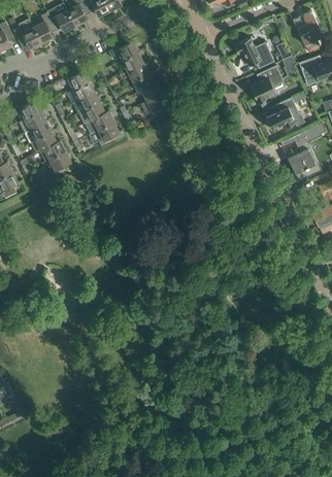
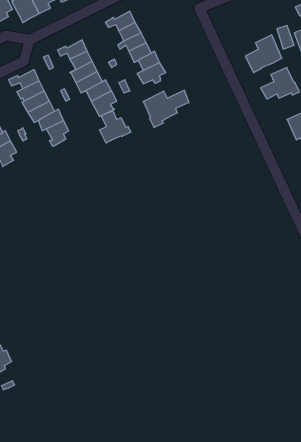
building: [234,36,274,68] -> none
building: none -> [143,90,189,128]
building: none -> [100,111,131,143]

